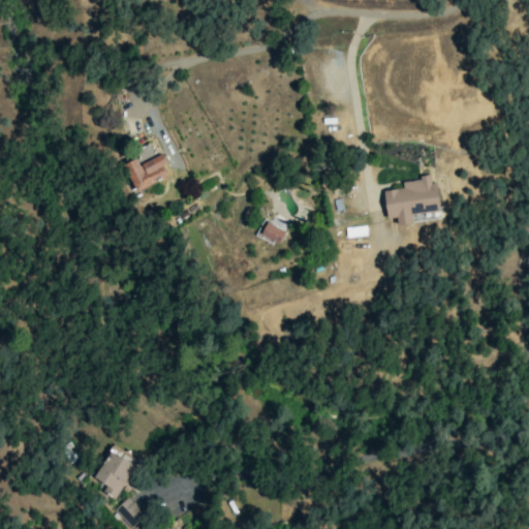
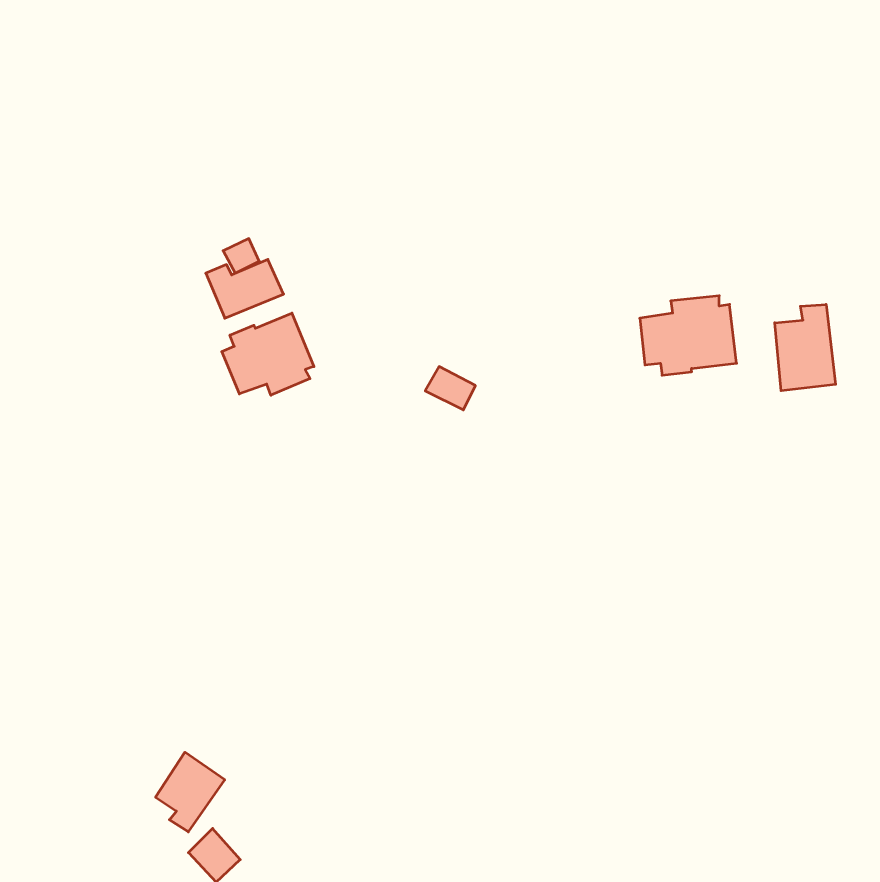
building: none -> [775,304,836,391]
building: none -> [222,313,314,395]

